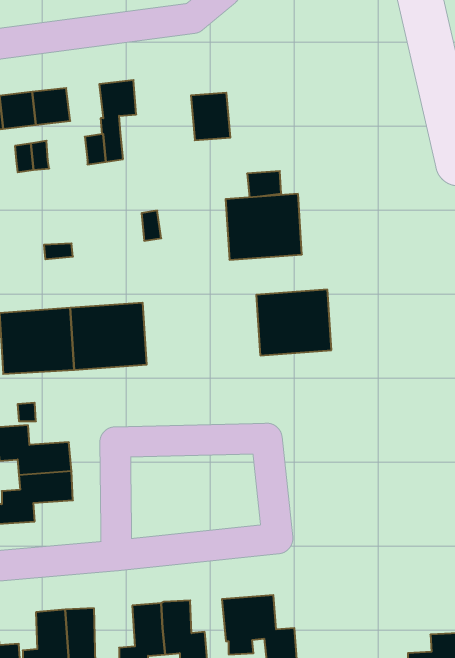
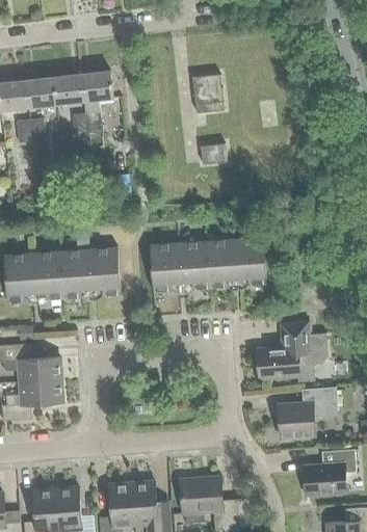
building: none -> [56,74,85,103]
building: [191,93,230,140] -> [191,74,222,111]
building: [226,194,302,260] -> [149,240,209,292]
building: none -> [256,321,325,381]
building: none -> [277,388,337,437]
building: none -> [303,449,356,495]

